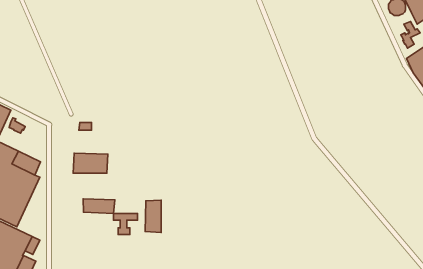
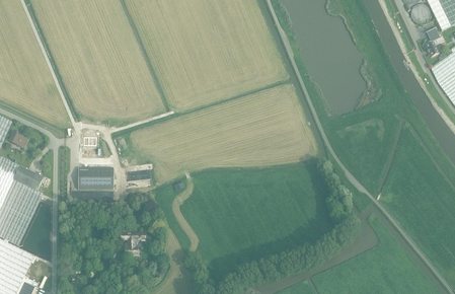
building: [83,199,115,213] -> none
building: [145,200,161,233] -> none

